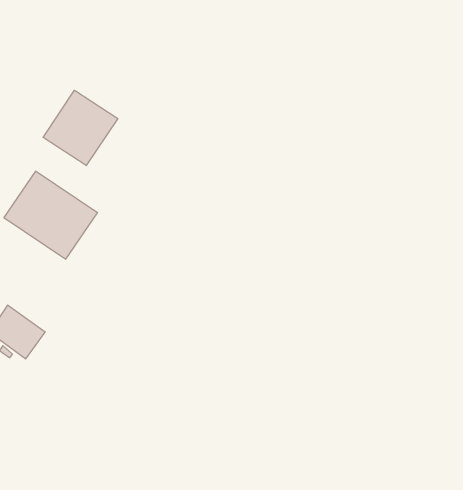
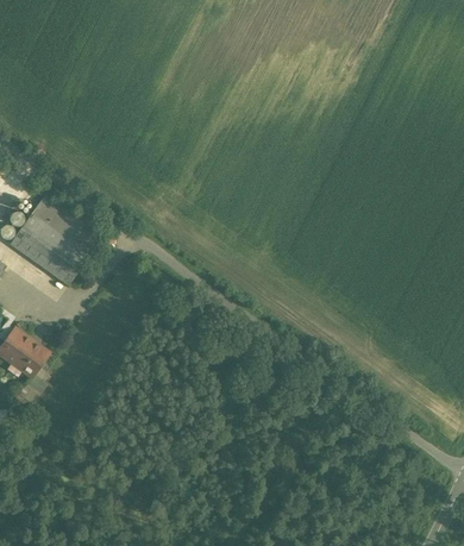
building: [43,90,118,166] -> none

